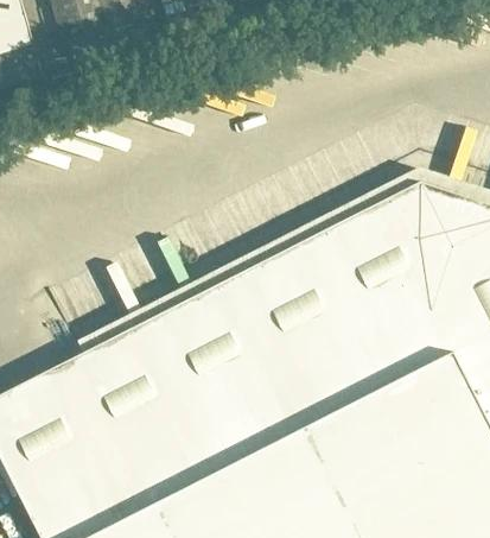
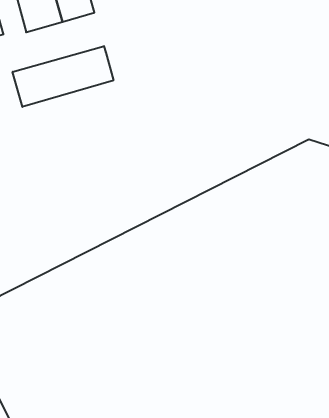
building: none -> [13,46,113,107]

